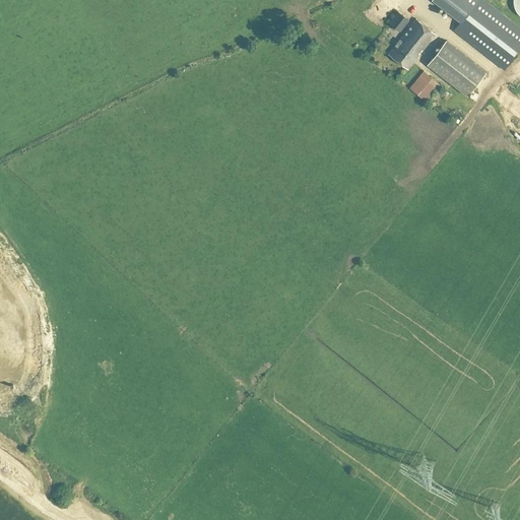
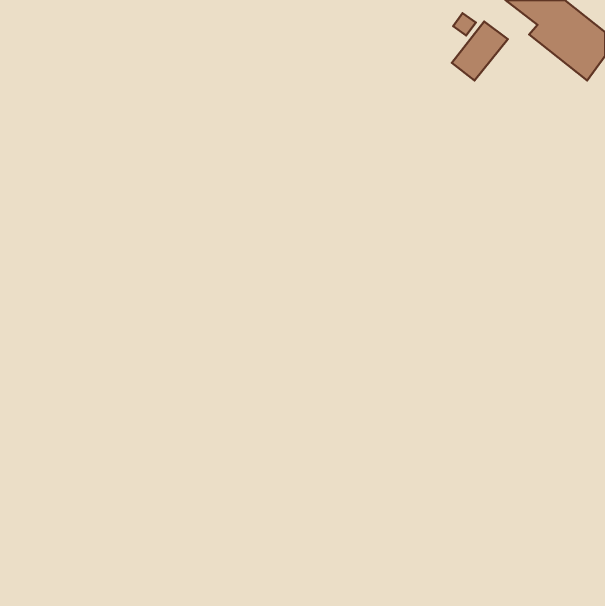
building: [427,40,484,95] -> none
building: [408,70,439,101] -> none

